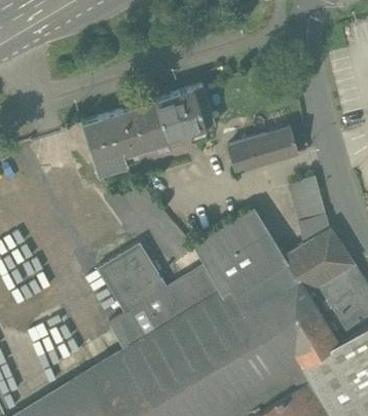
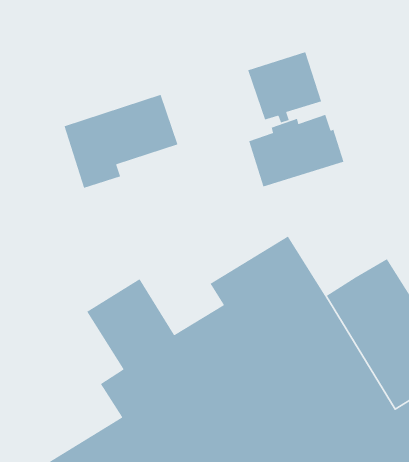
building: [157,86,215,142] -> [247,51,322,123]
building: [290,176,331,241] -> none

